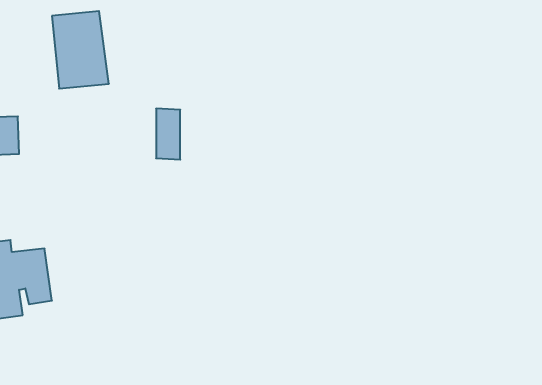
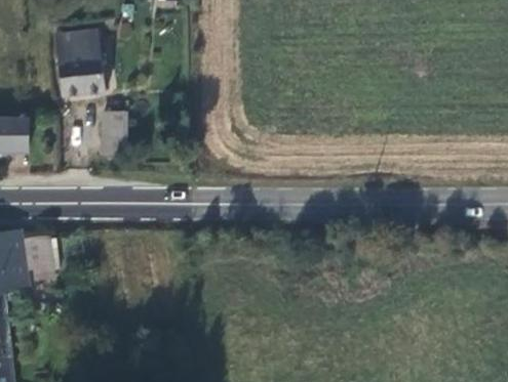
building: [156,109,180,160] -> [103,112,123,155]

